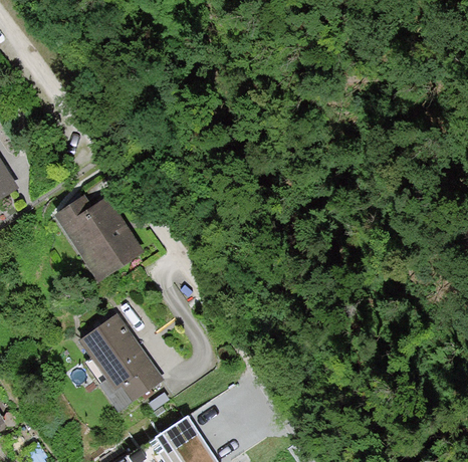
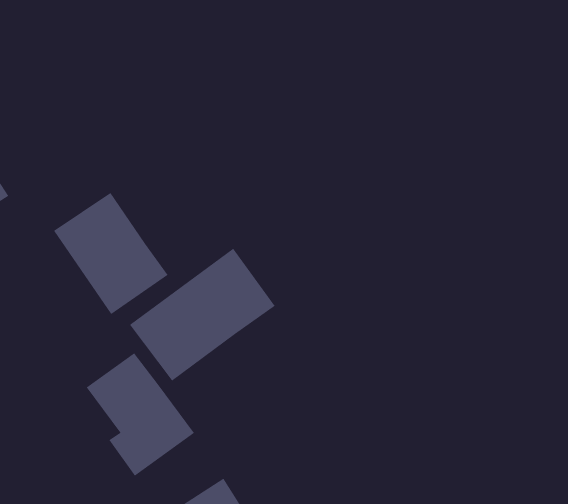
building: none -> [129,248,276,381]

